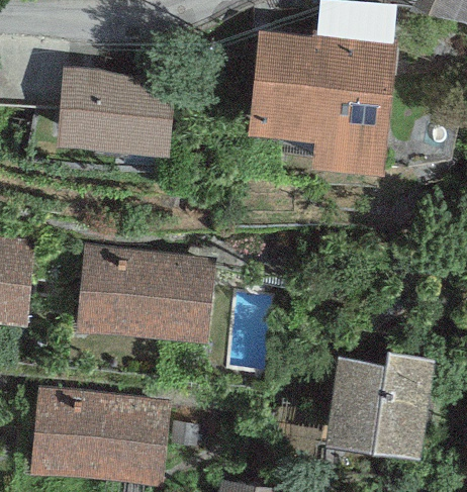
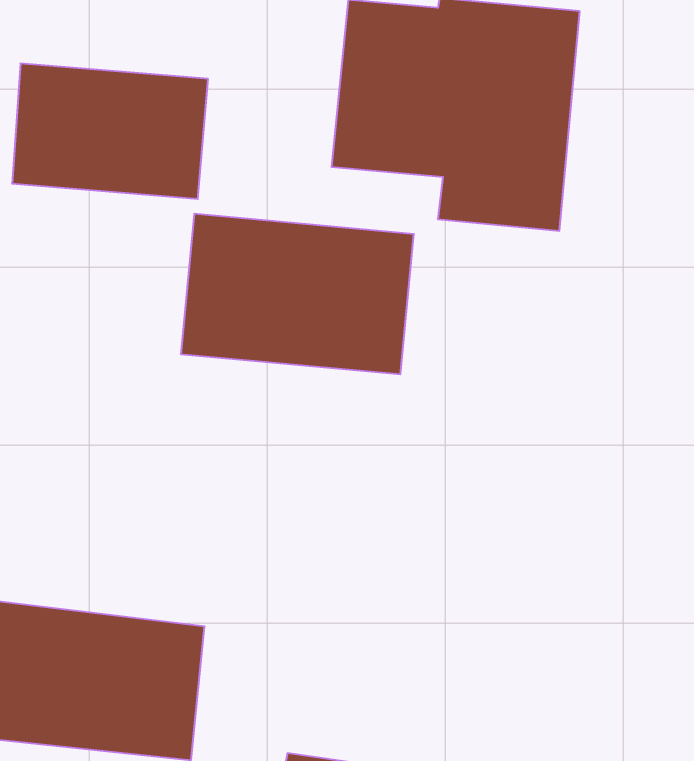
building: [76,248,215,343] -> [181,214,414,374]
building: [324,355,434,459] -> none

